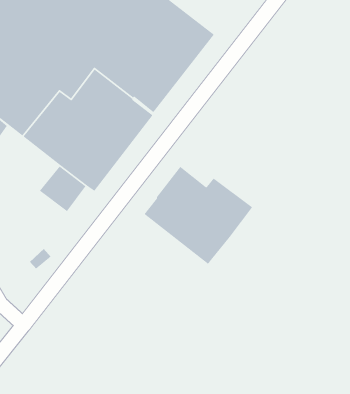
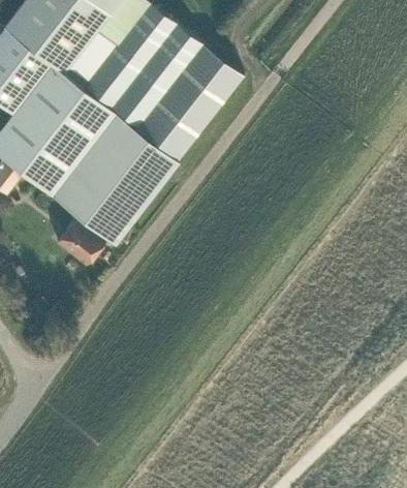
building: [143,166,253,265] -> none

